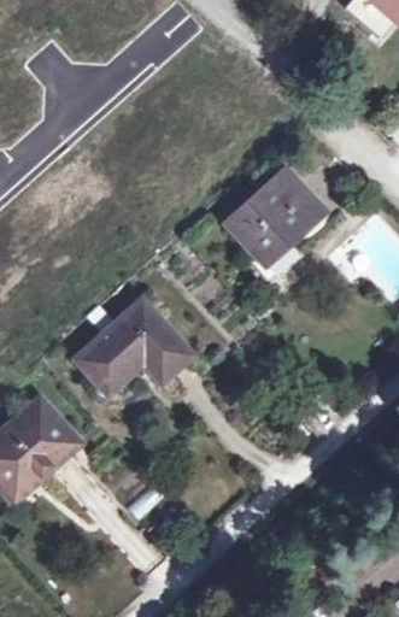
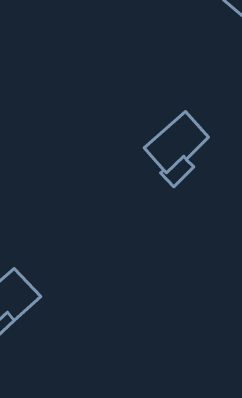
building: [75,302,188,394] -> none

